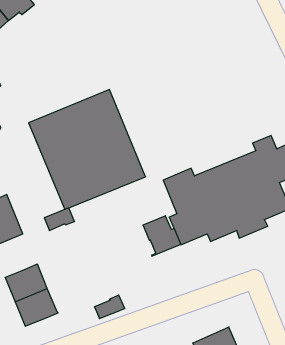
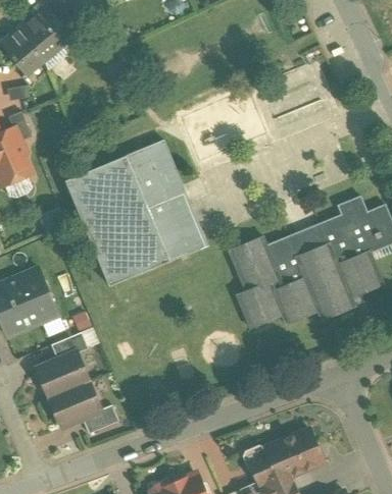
building: [44,208,75,231] -> [51,332,88,360]
building: [143,216,181,256] -> none
building: [94,295,125,319] -> [82,404,118,433]

